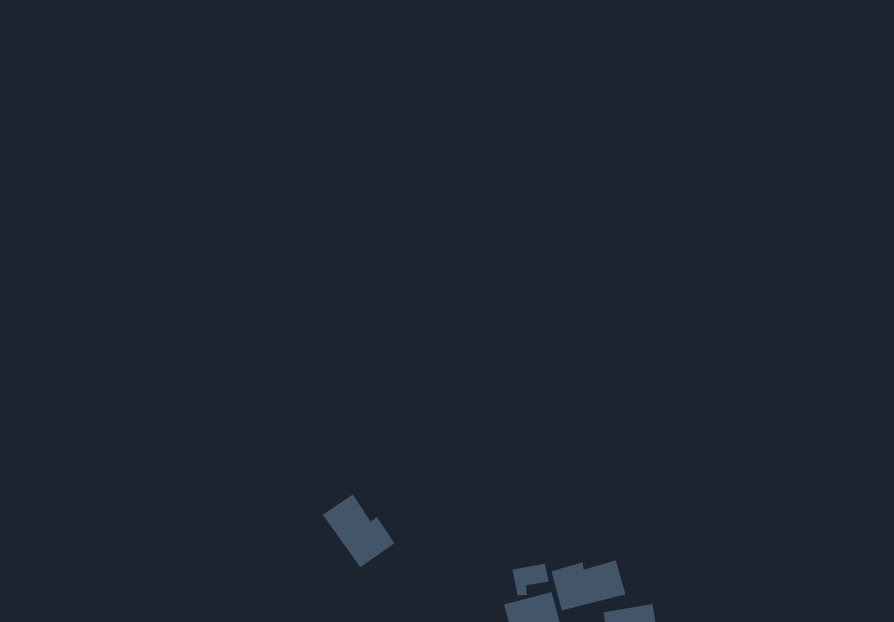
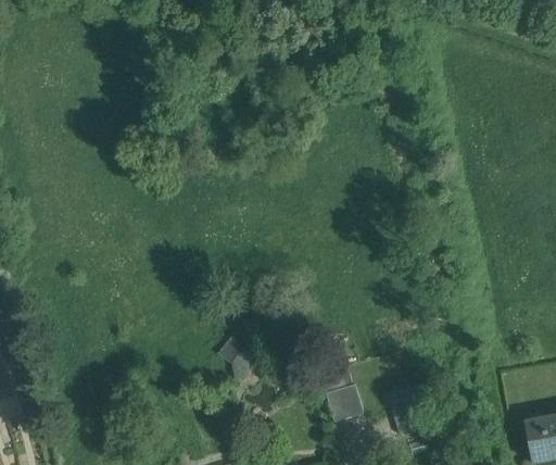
building: [551,559,626,611] -> none

